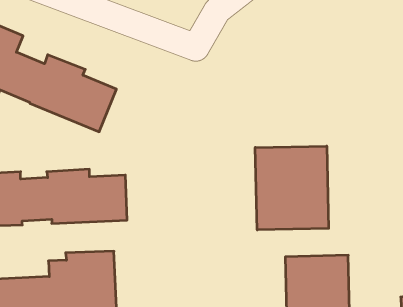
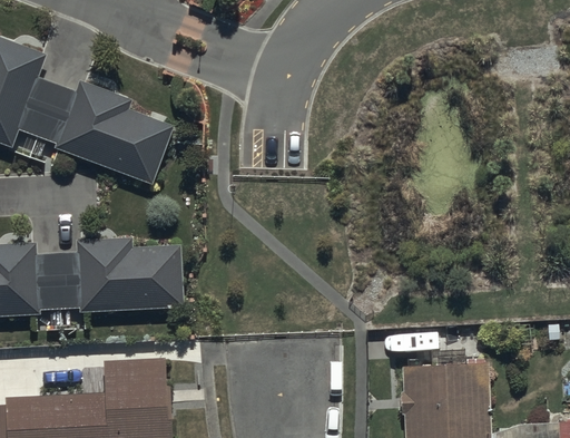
building: [255,146,329,230] -> none

